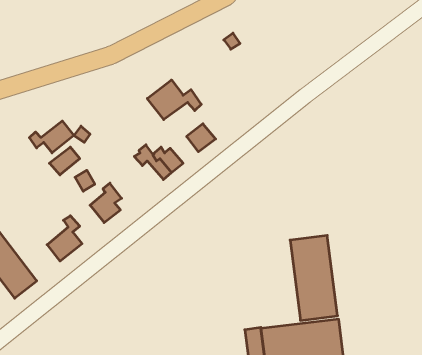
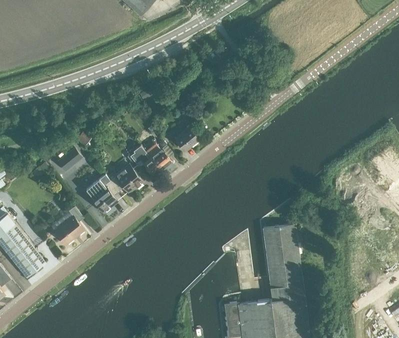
building: [147,80,201,120] -> none
building: [29,121,74,153] -> none
building: none -> [107,167,141,194]

